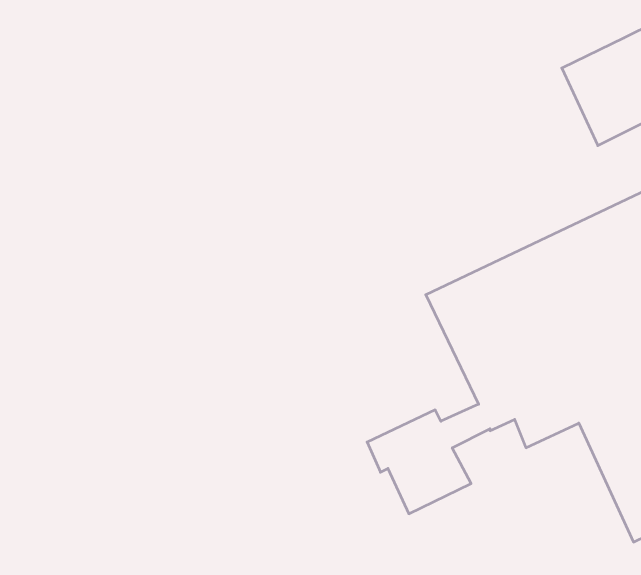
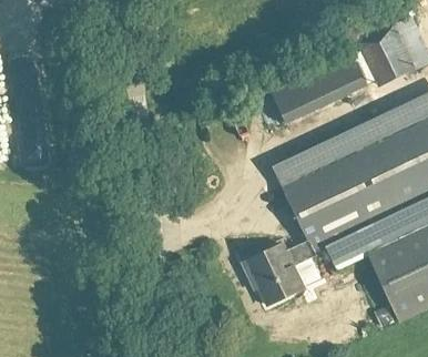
building: none -> [271,52,366,122]

